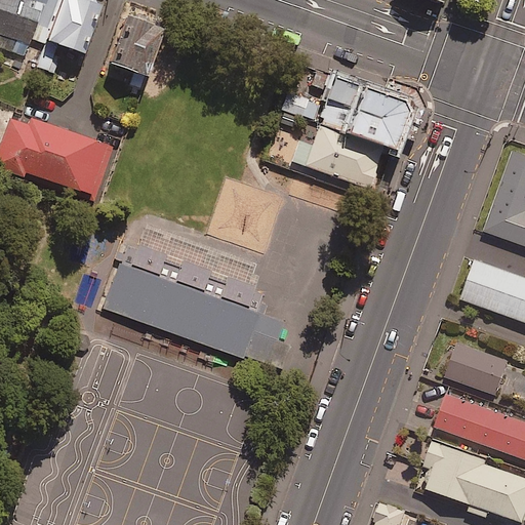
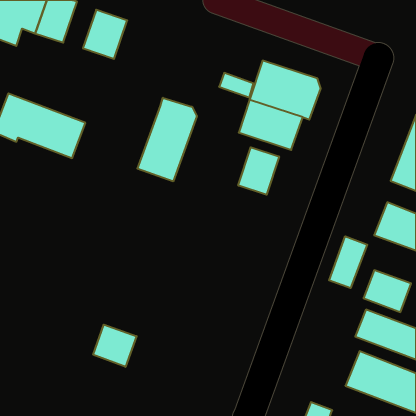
building: none -> [137,98,197,181]
building: none -> [238,147,279,195]
building: [105,262,300,378] -> none
building: none -> [329,236,367,288]
building: none -> [93,325,137,367]

